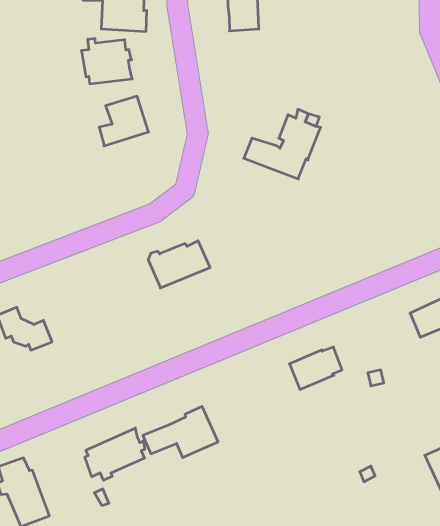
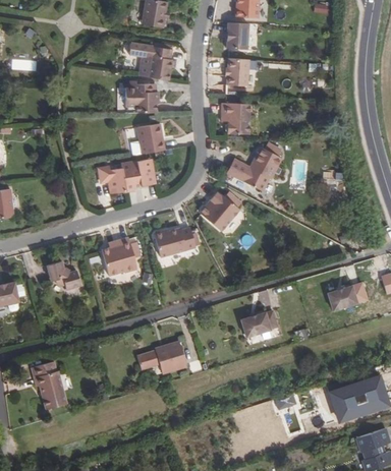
building: none -> [222,104,247,134]
building: none -> [99,158,156,192]
building: none -> [200,192,239,232]
building: none -> [102,237,137,276]
building: [85,428,145,480] -> none

